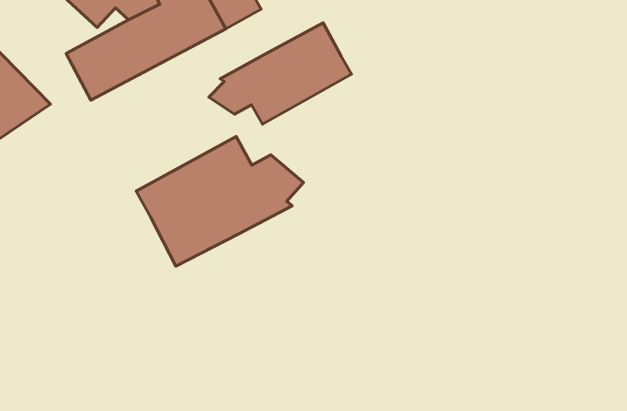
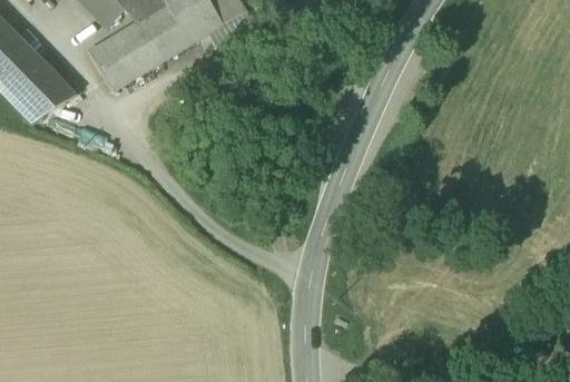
building: [209,23,351,124] -> none
building: [136,137,303,266] -> none

